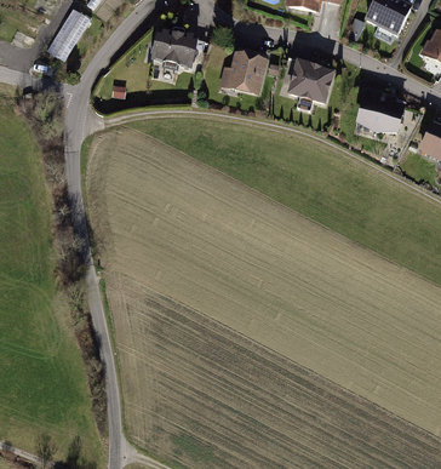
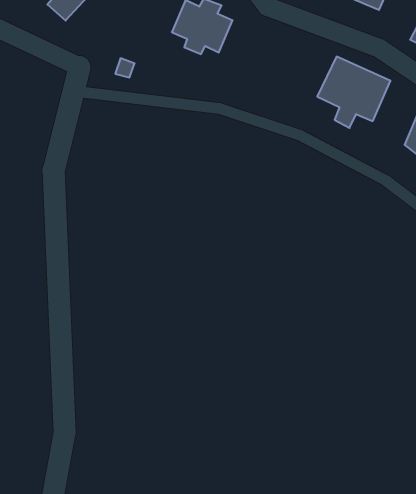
building: [218,50,268,97] -> none

